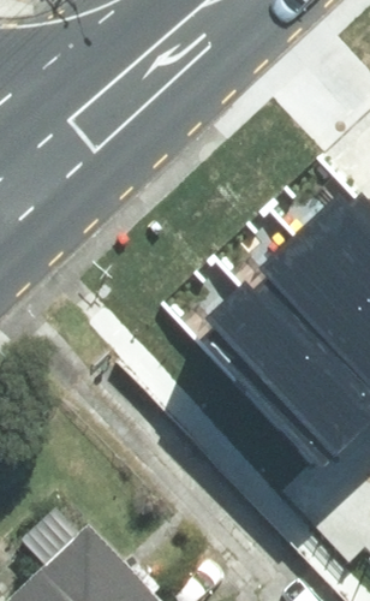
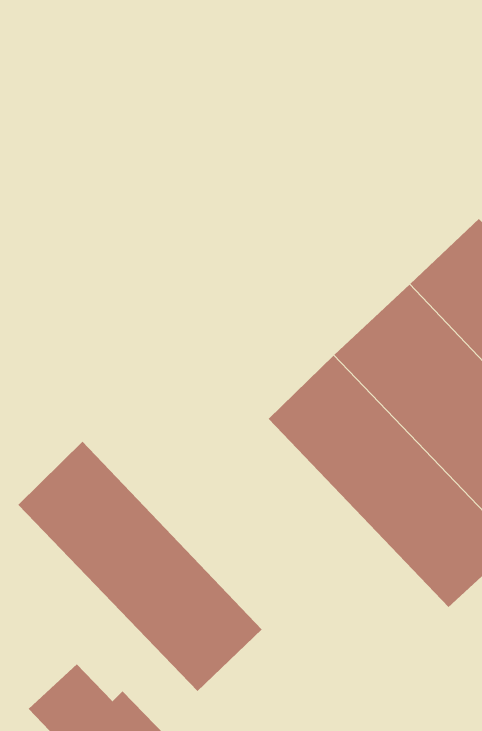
building: none -> [17,441,263,692]

